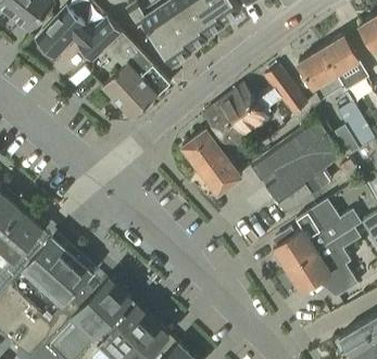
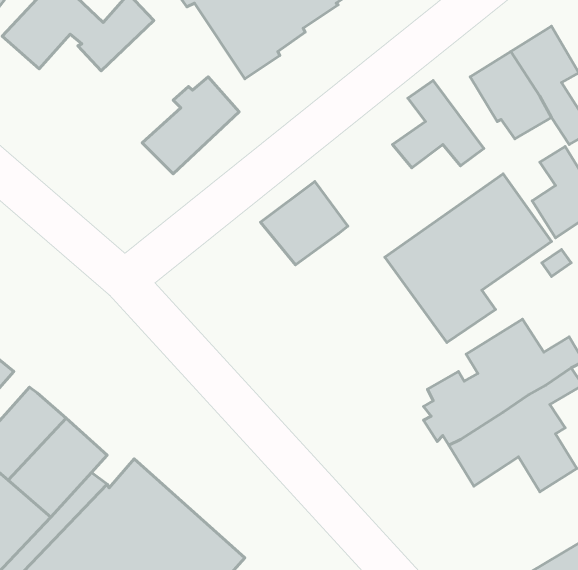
building: [91,34,151,102] -> none
building: [203,86,267,149] -> none
building: [200,153,241,194] -> none

